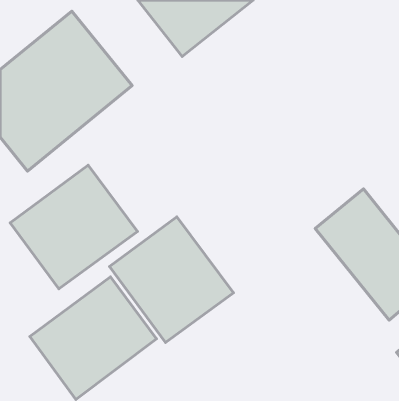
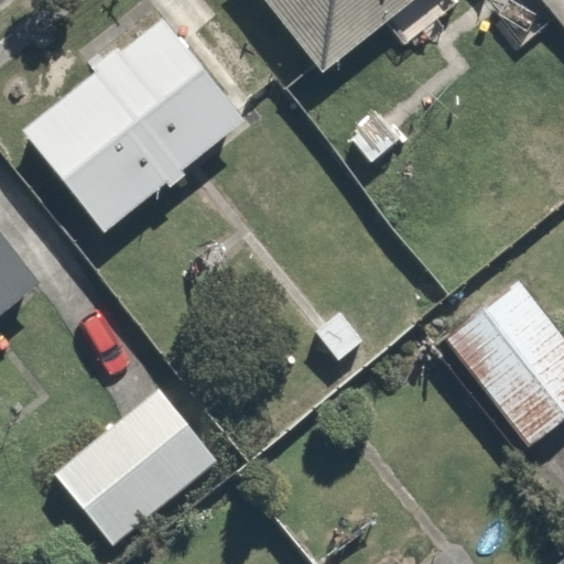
building: [10,165,138,289] -> none
building: [110,217,234,342] -> none

